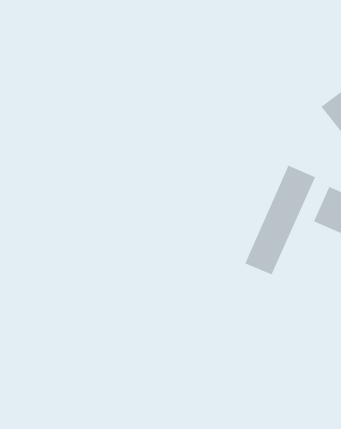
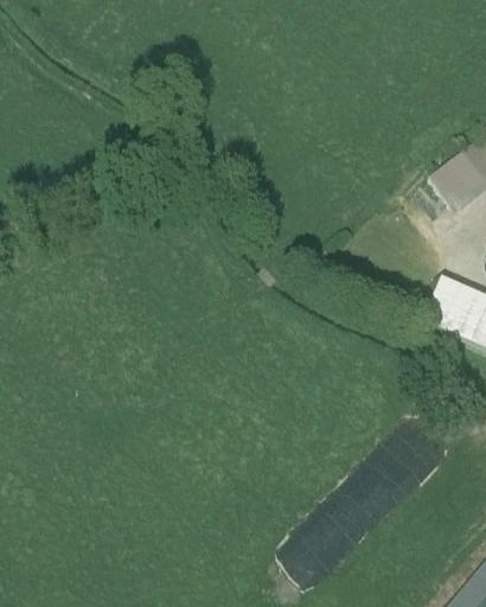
building: [244,165,316,275] -> none

